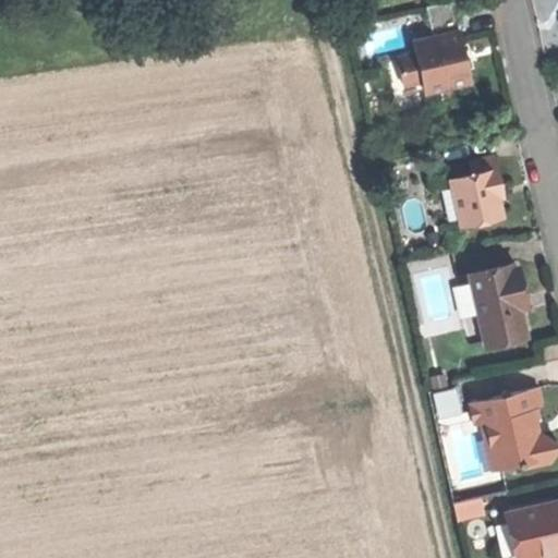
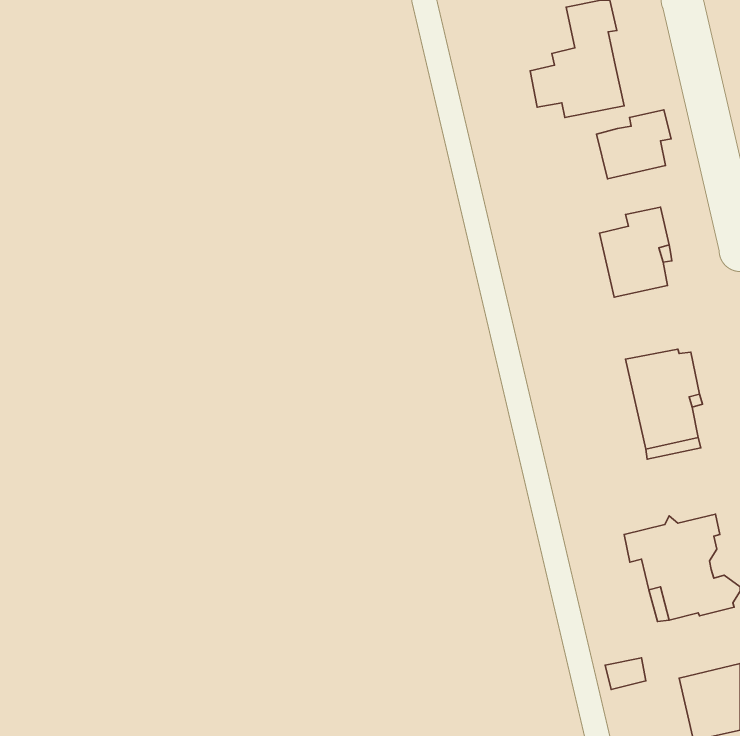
building: none -> [597,110,671,179]

